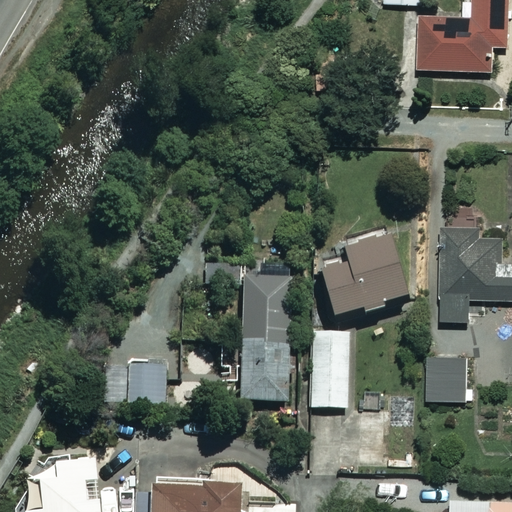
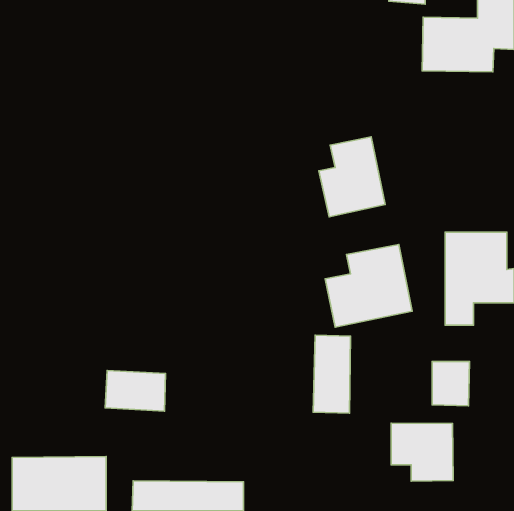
building: none -> [319,137,385,217]
building: [241,279,289,403] -> none
building: none -> [391,423,453,481]

